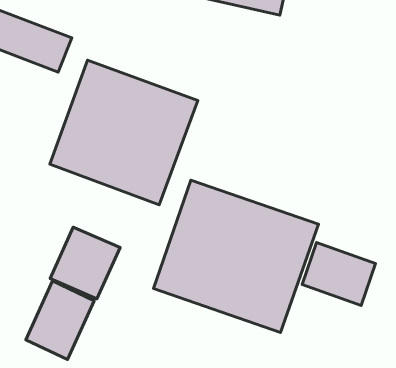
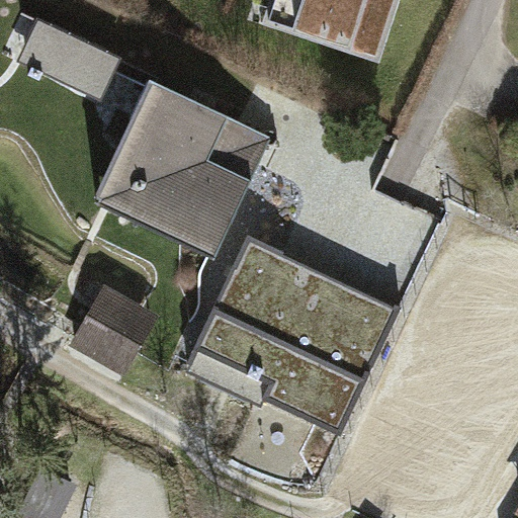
building: [302,243,376,305] -> none
building: [26,281,94,360] -> none

